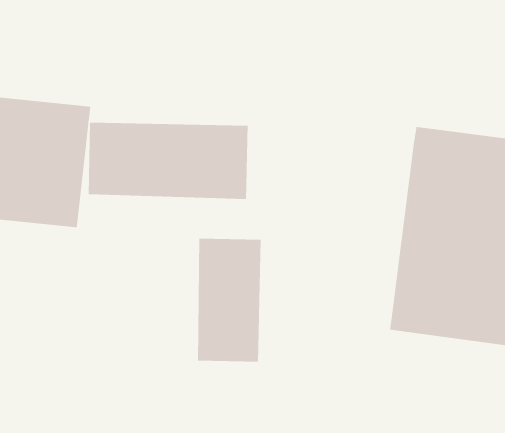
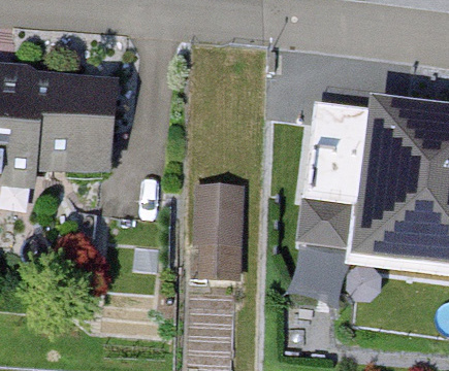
building: [88,122,249,200] -> none
building: none -> [295,109,364,252]

